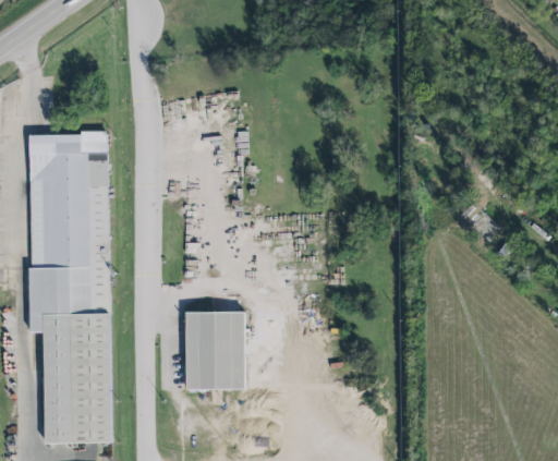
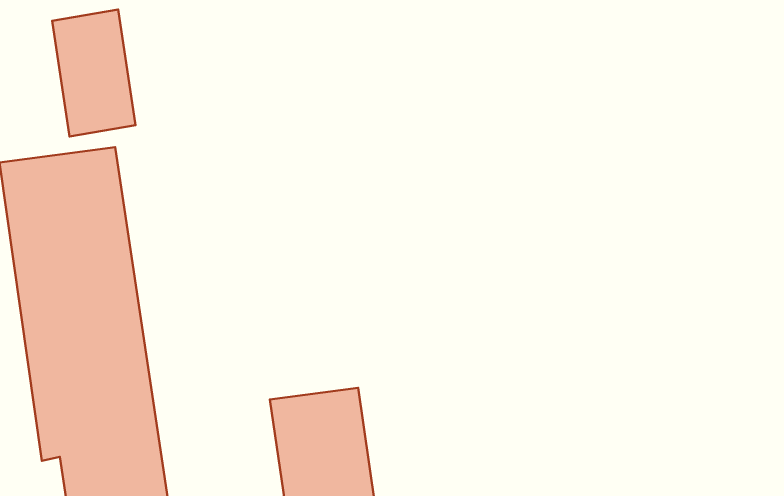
building: none -> [52,10,136,136]

